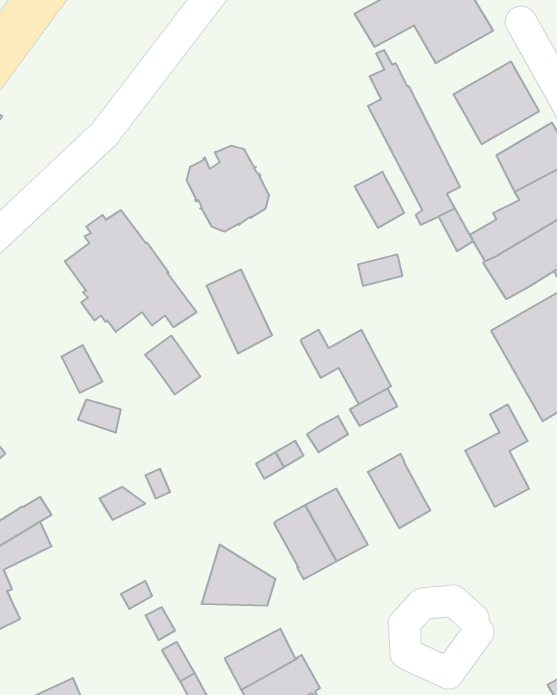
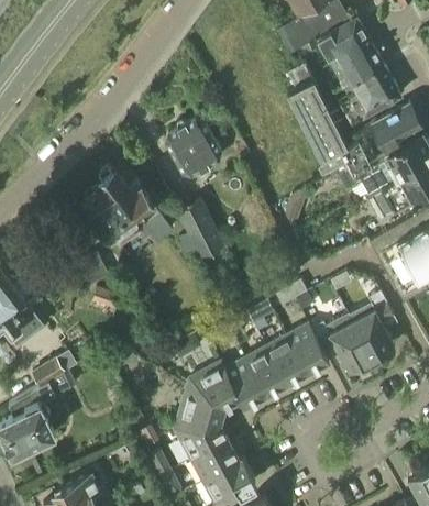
building: none -> [332,42,383,85]
building: [355,172,404,228] -> [340,141,373,178]
building: [301,330,391,404] -> [311,322,372,372]
building: [145,336,200,394] -> none
building: none -> [266,337,308,385]
building: none -> [188,362,241,408]
building: none -> [175,425,229,461]

